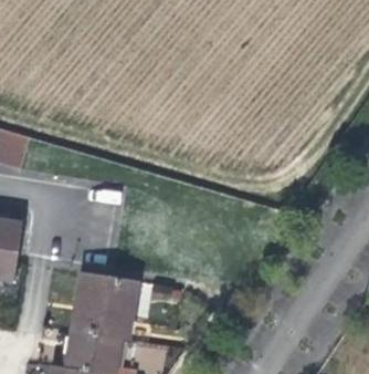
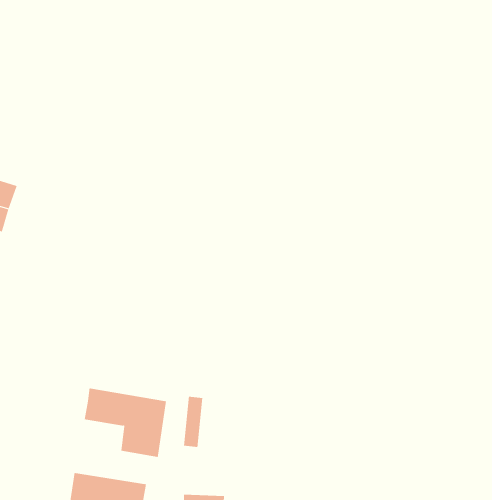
building: [71,294,127,339] -> none

